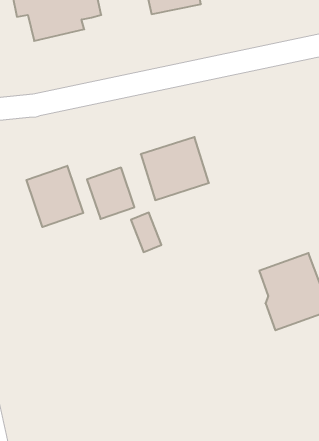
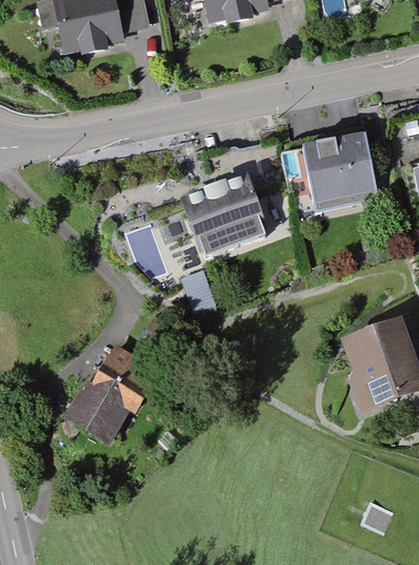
building: none -> [305,137,377,201]
building: [26,166,83,227] -> none
building: none -> [68,344,155,440]

